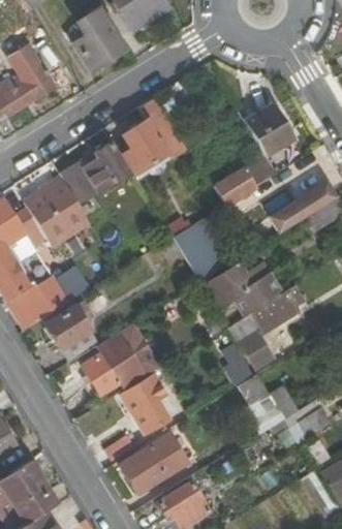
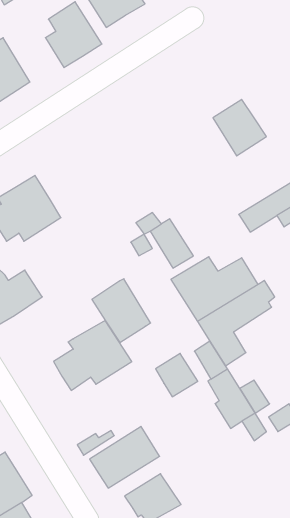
building: [120,95,186,175] -> none
building: [59,142,128,205] -> none
building: [213,166,257,207] -> none
building: [42,300,101,364] -> [92,279,151,343]
building: [124,385,166,429] -> [156,353,198,397]

